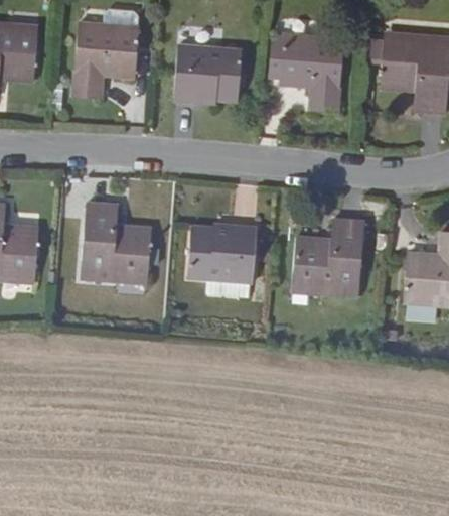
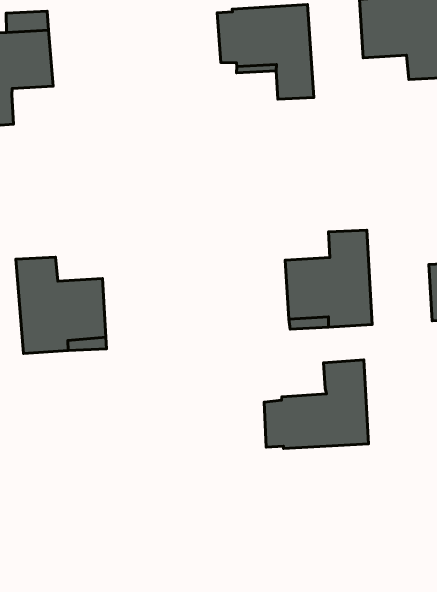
building: [175,45,242,102] -> none
building: [190,227,257,282] -> none
building: none -> [264,360,368,449]

